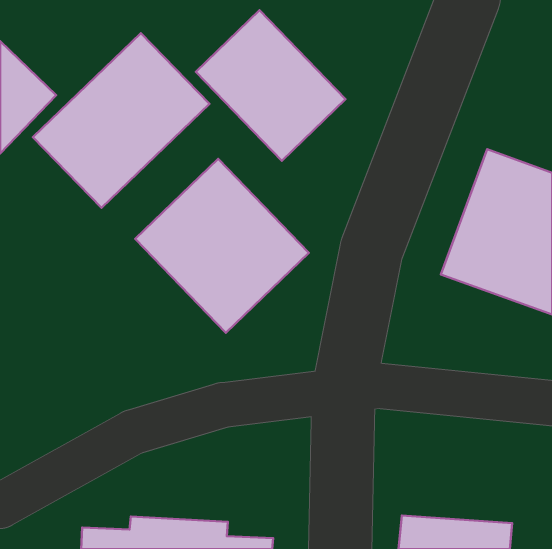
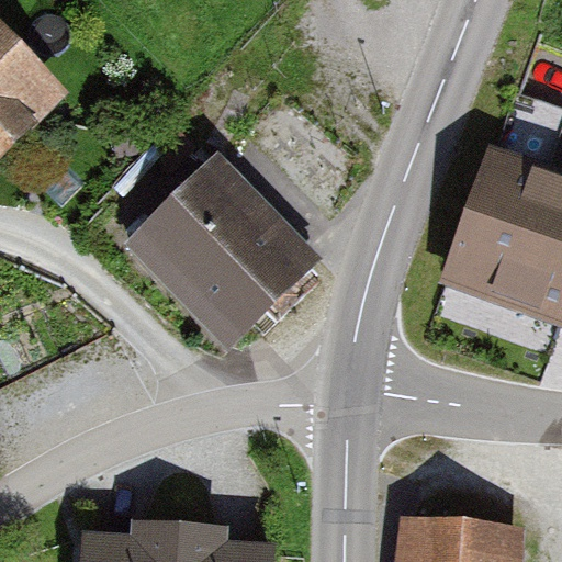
building: [196,10,346,161] -> none
building: [33,33,209,208] -> none

